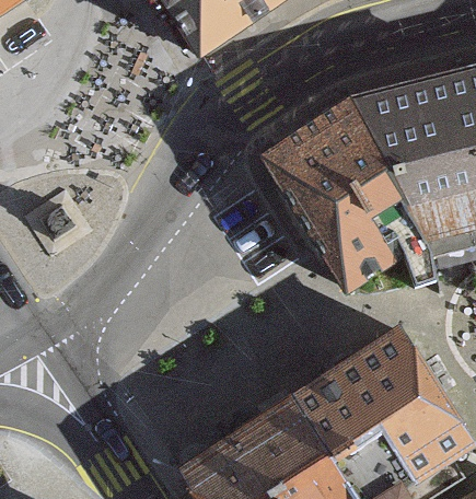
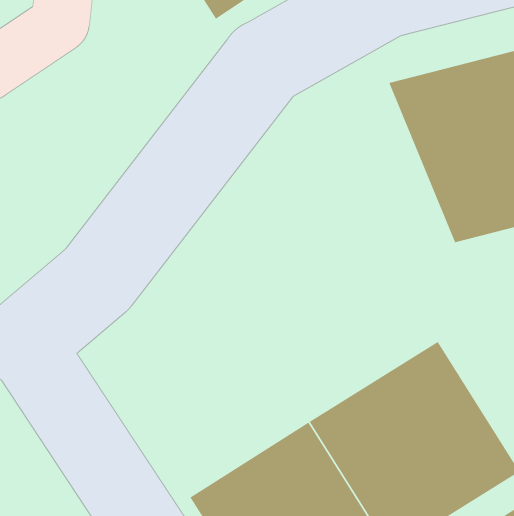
building: [263,106,415,295] -> none

